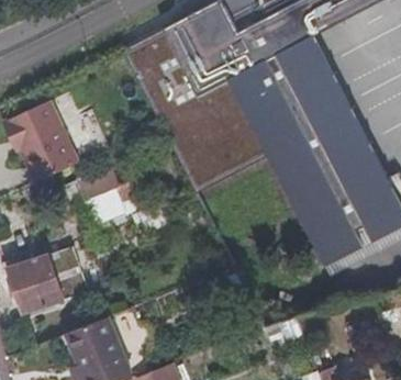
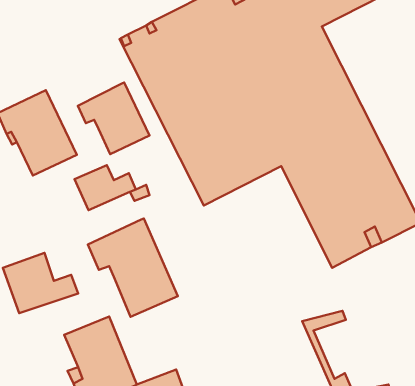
building: none -> [78,83,149,154]
building: none -> [88,218,178,317]

